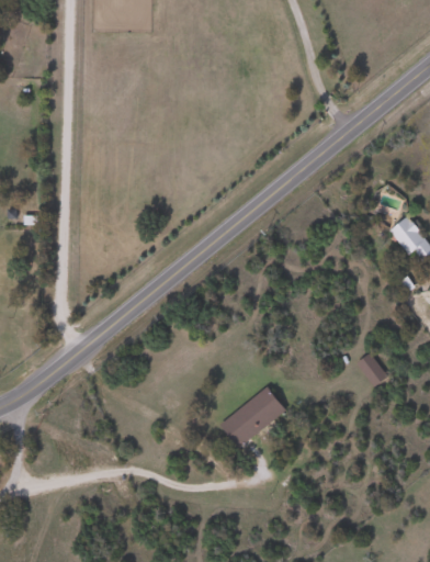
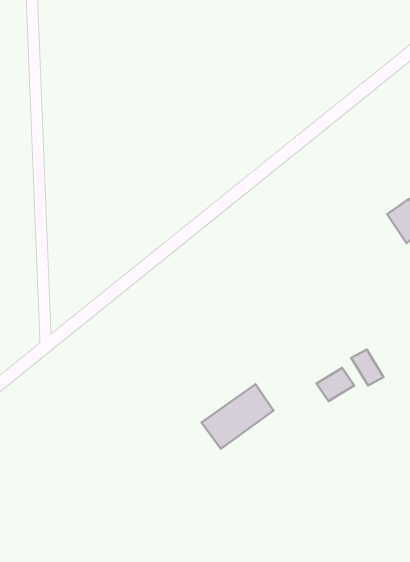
building: none -> [316,368,354,401]

